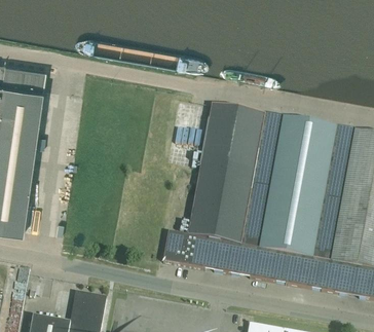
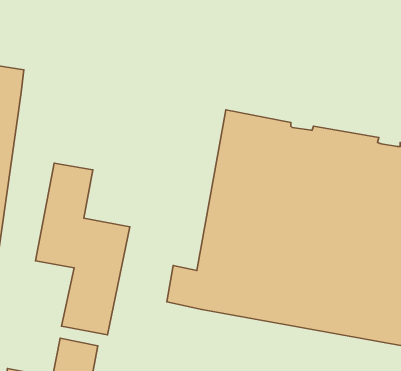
building: none -> [36,163,130,335]

